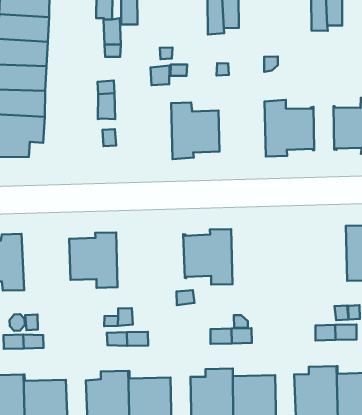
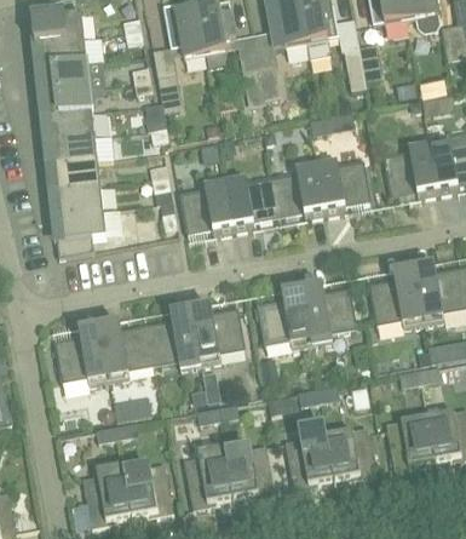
building: none -> [271,160,324,217]
building: none -> [178,176,234,234]
building: none -> [368,269,422,326]
building: none -> [301,285,356,343]
building: none -> [190,305,244,363]
building: none -> [98,322,153,380]

